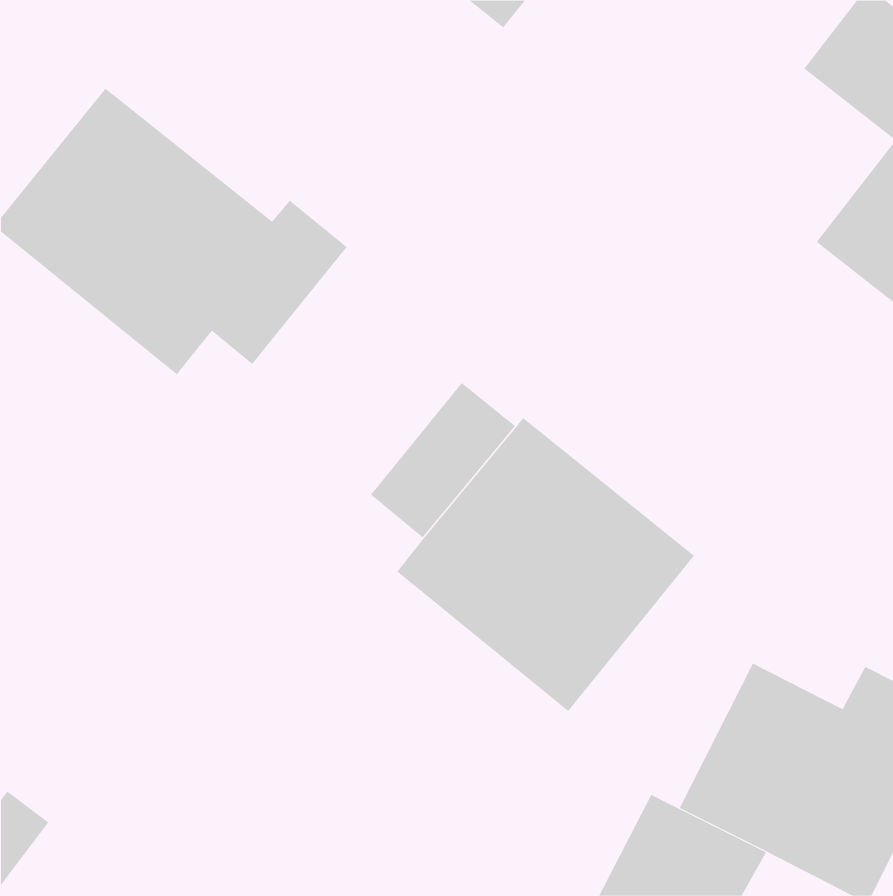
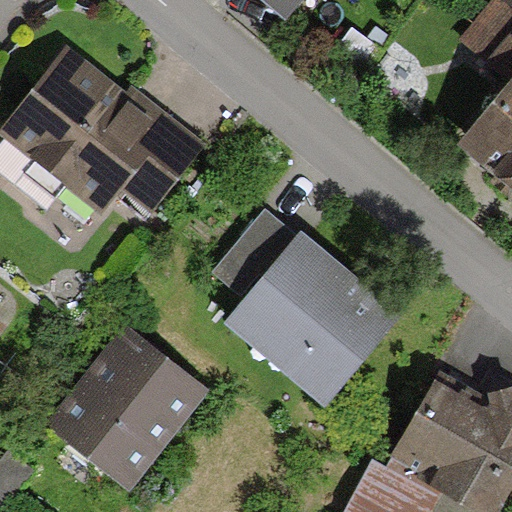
building: none -> [51,338,203,494]

